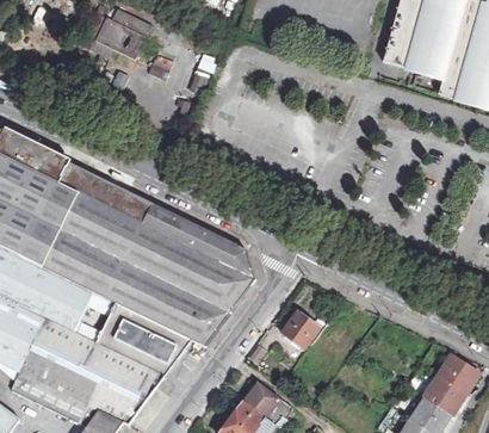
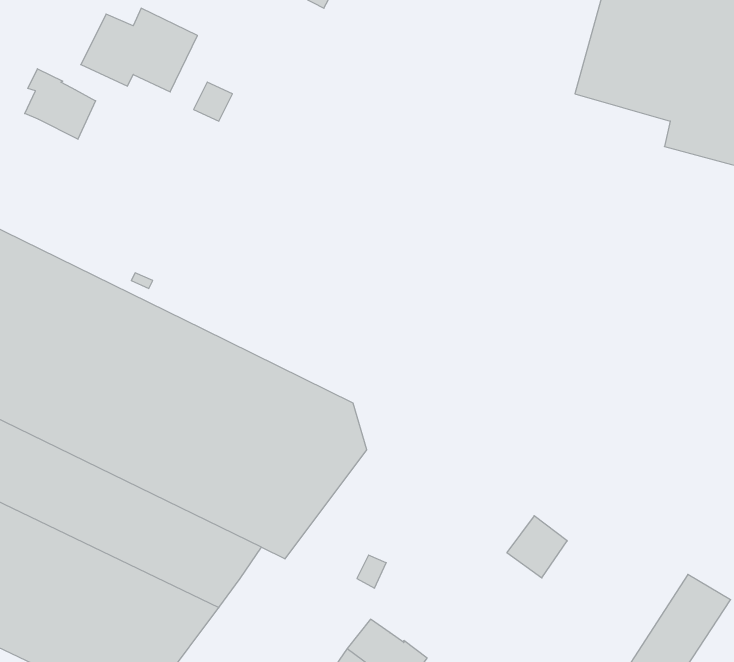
building: none -> [25,69,96,139]
building: [281,309,318,347] -> [507,516,567,578]

